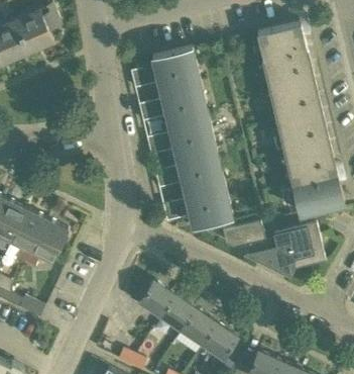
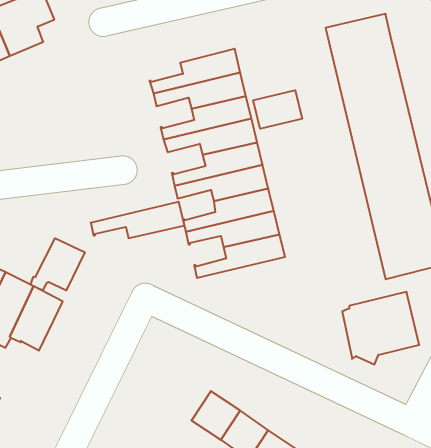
building: none -> [253,90,302,129]
building: none -> [30,238,85,290]
building: [164,197,232,223] -> [91,202,184,238]
building: [223,221,276,271] -> none
building: [139,280,174,315] -> none

